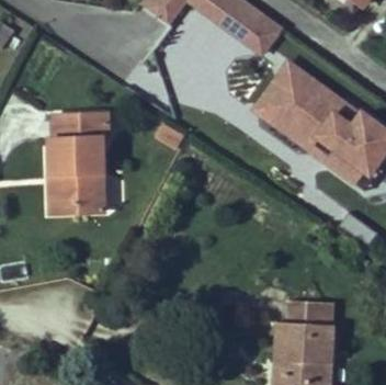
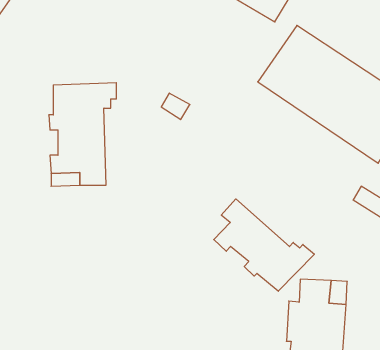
building: none -> [214,199,314,291]

